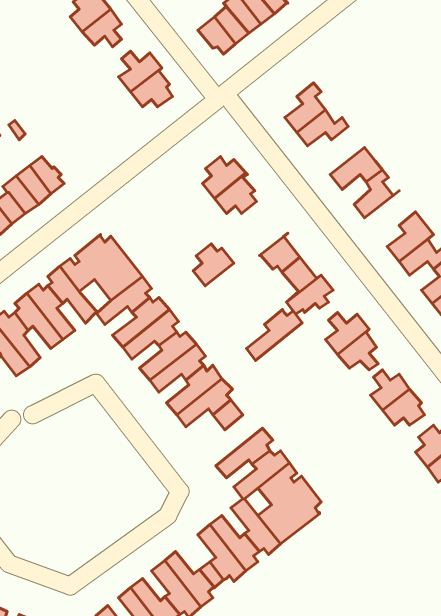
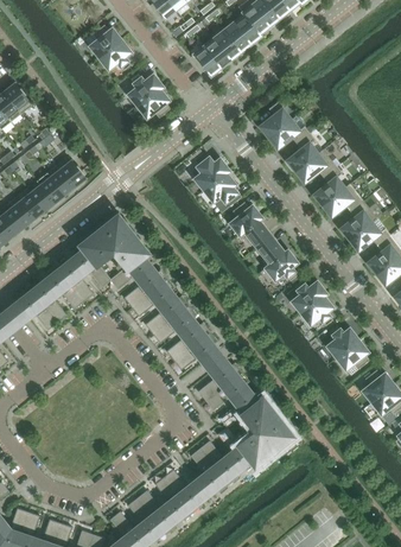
building: none -> [287,133,323,171]
building: none -> [323,184,363,216]
building: [193,244,234,286] -> [230,202,262,235]
building: [247,309,302,360] -> [198,361,242,401]

